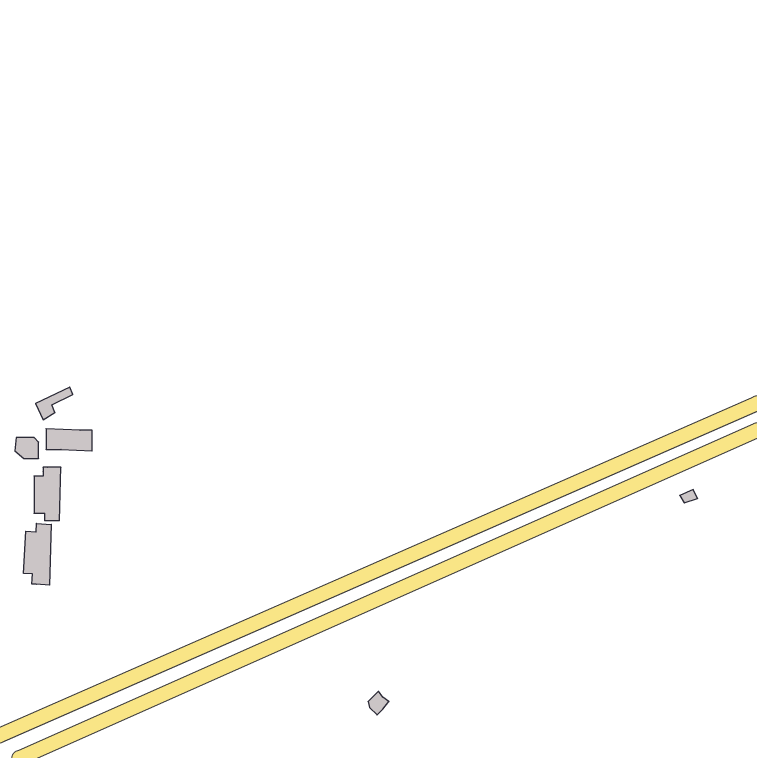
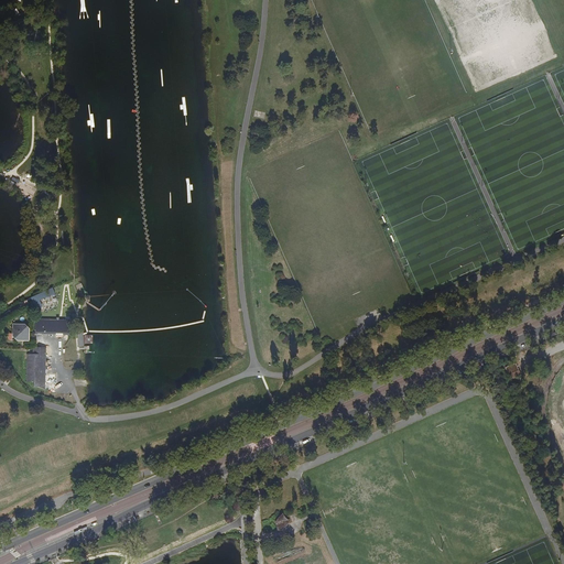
building: [24,523,51,585] -> none

